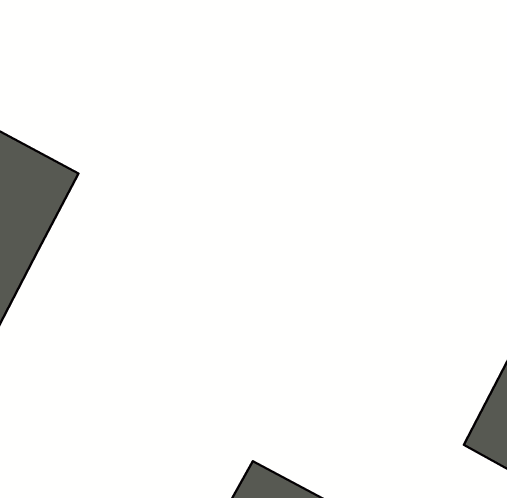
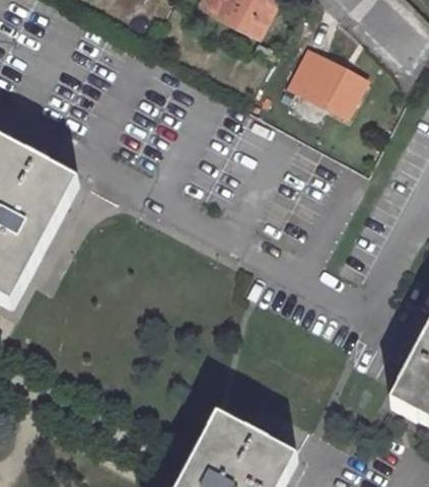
building: none -> [291,53,366,118]

